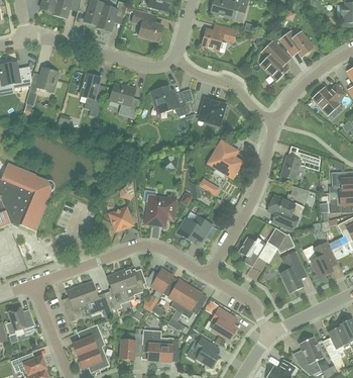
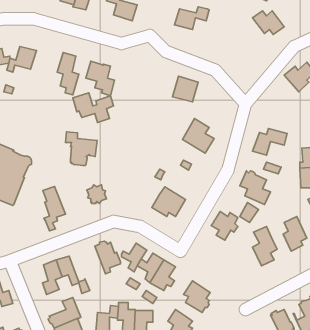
building: [261,41,289,80] -> none
building: [151,86,193,116] -> [73,93,113,123]
building: [143,190,175,224] -> [66,132,97,165]
building: [107,272,130,317] -> [43,186,65,231]

